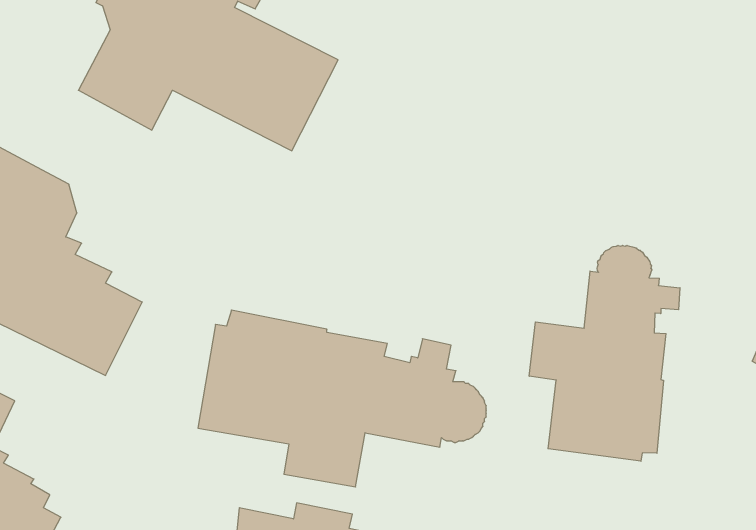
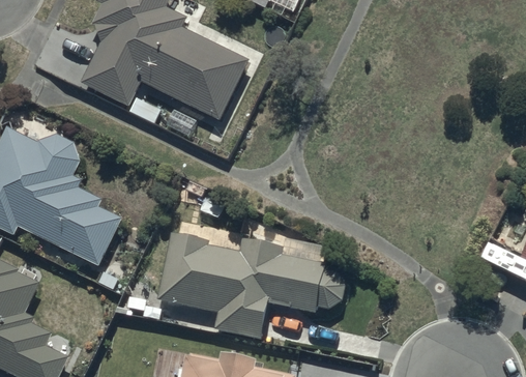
building: [529,245,680,461] -> none

